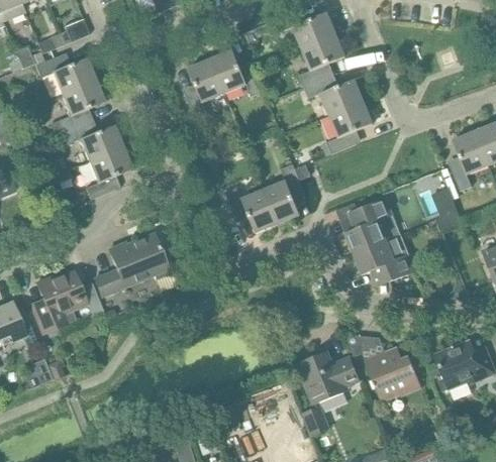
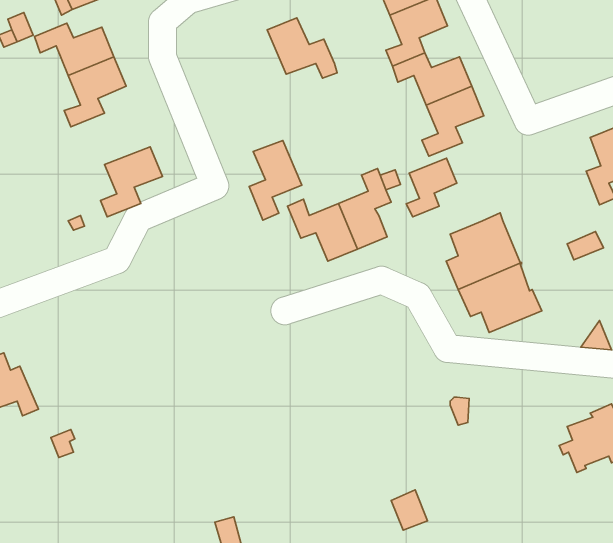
building: [185,59,224,118] -> [249,141,302,220]
building: [63,121,122,159] -> none
building: none -> [406,158,457,217]
building: [94,235,174,296] -> none
building: [30,270,86,333] -> none
building: [365,347,421,394] -> none
building: [300,350,360,403] -> none

